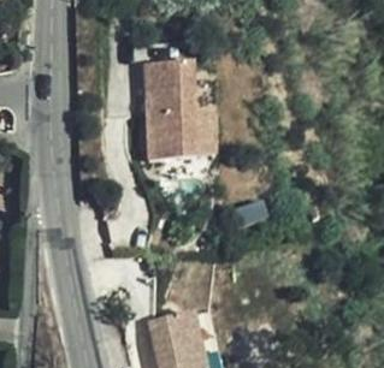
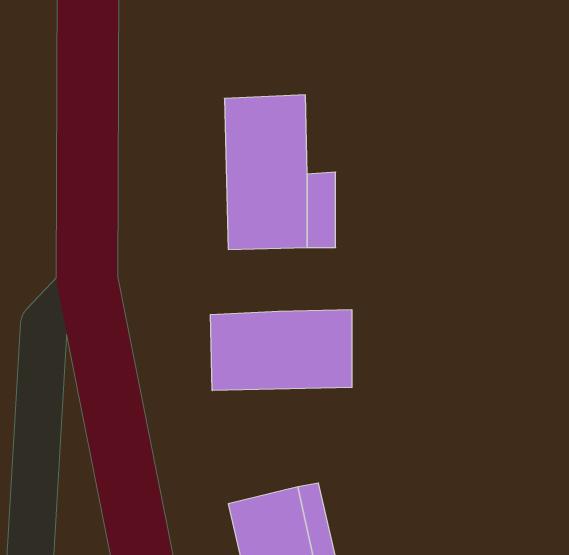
building: none -> [210,310,352,391]

